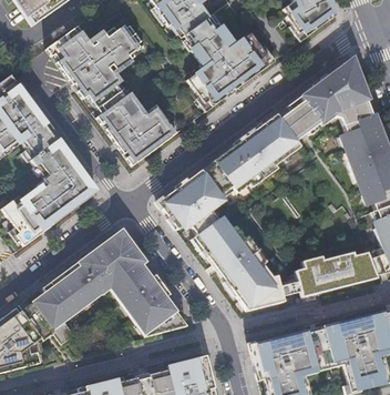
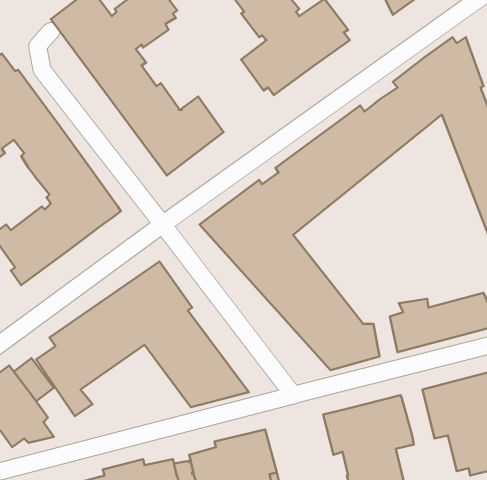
building: [308,327,330,358] -> none

